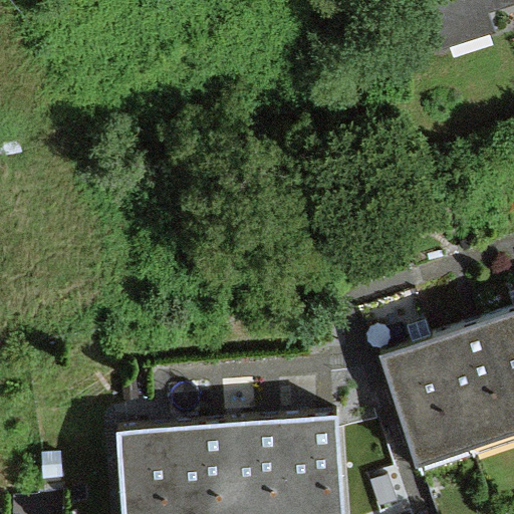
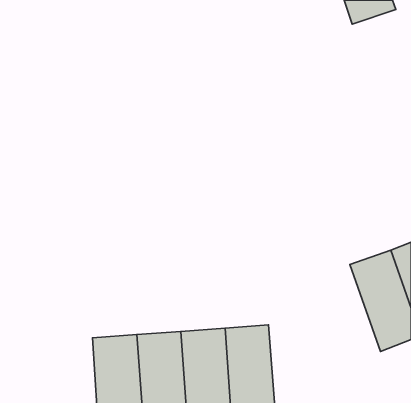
building: [386,340,475,467] -> none

